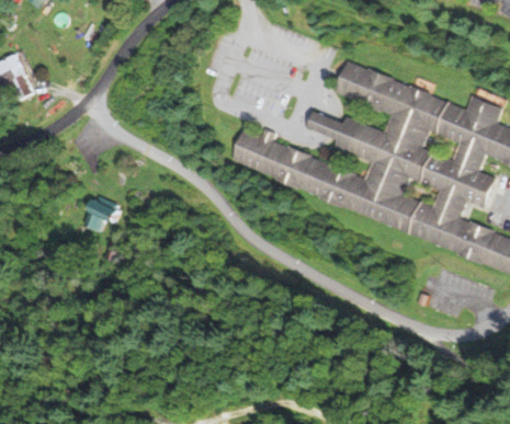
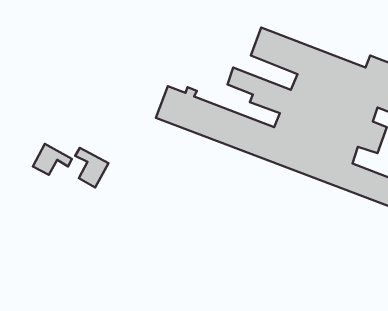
building: none -> [75,148,108,187]

